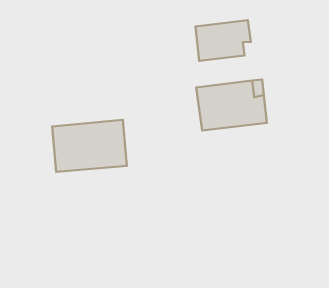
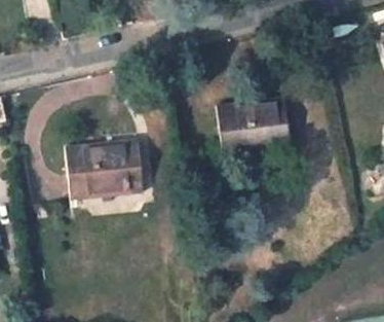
building: [195,20,251,61] -> none

